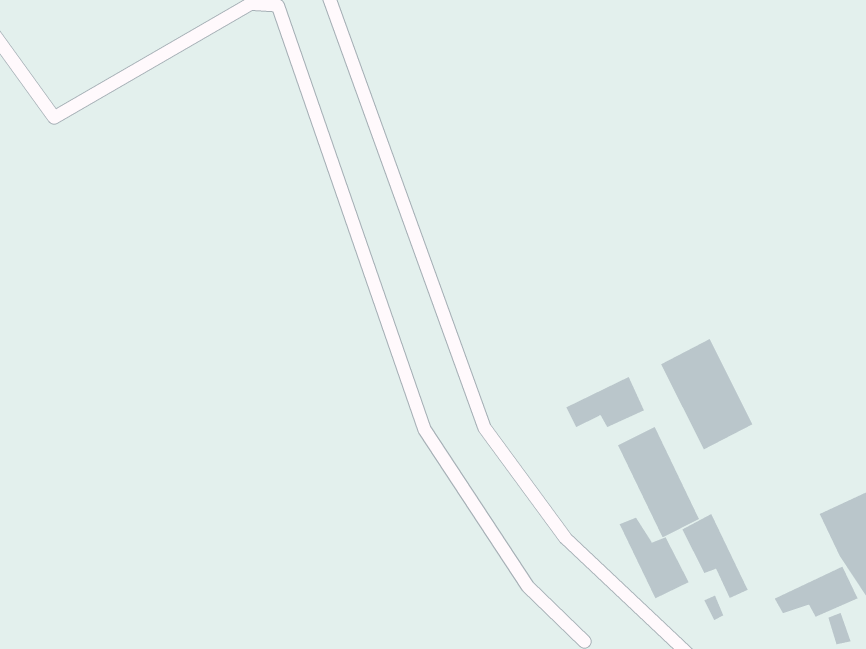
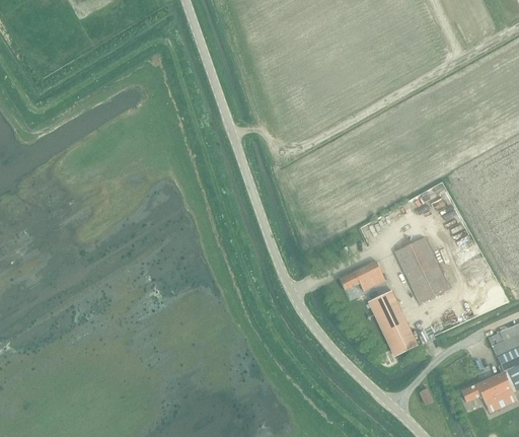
building: [681,513,748,599] -> none
building: [619,517,689,599] -> none

